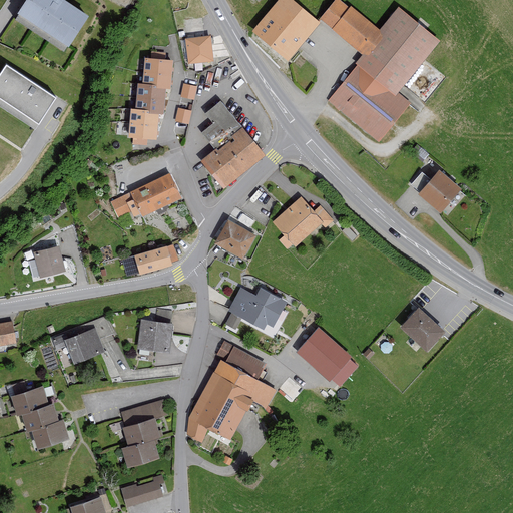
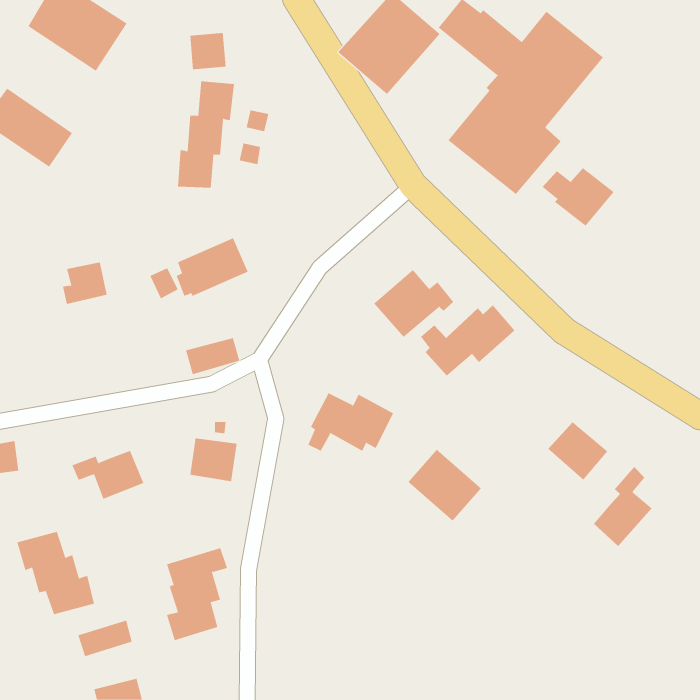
building: [186,37,213,64] -> [189,33,226,70]
building: [201,101,263,187] -> none
building: [411,170,464,213] -> [542,168,615,227]
building: [215,221,255,260] -> none
building: none -> [420,305,515,377]
building: [31,247,64,279] -> [62,262,107,304]
building: none -> [593,466,652,547]
building: [186,341,276,443] -> none
building: [121,479,161,506] -> [78,620,132,657]

